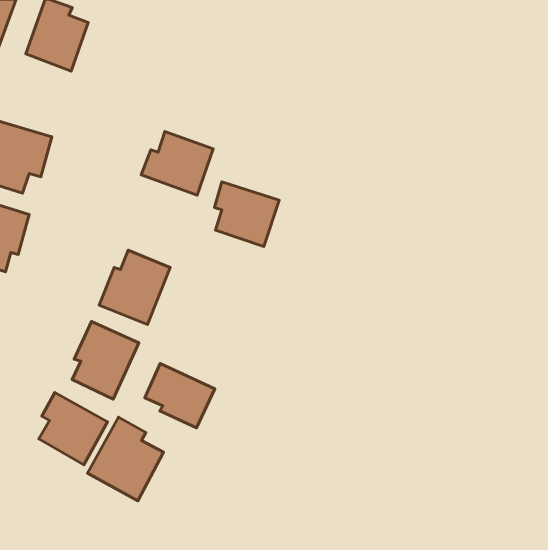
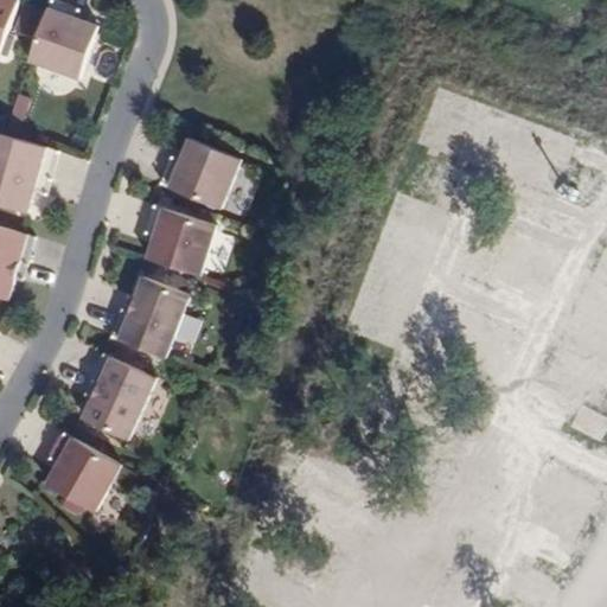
building: [214,182,279,246] -> [143,204,215,275]
building: [145,364,215,428] -> none
building: [88,417,164,501] -> none

